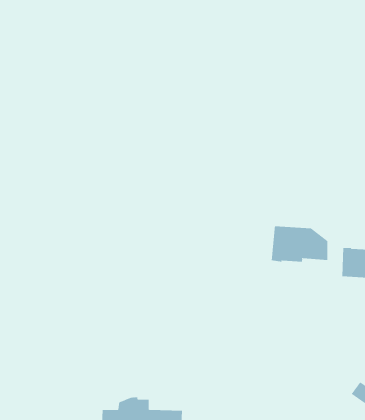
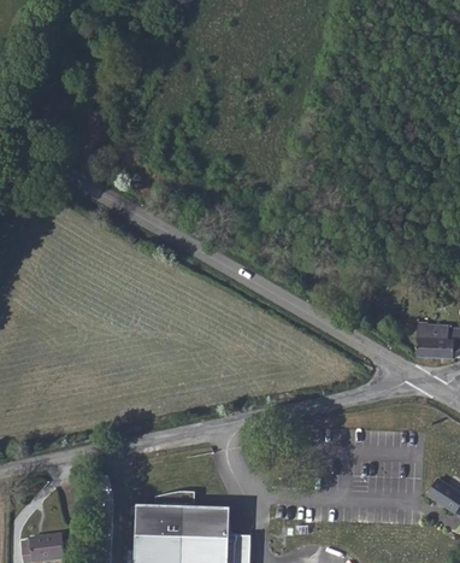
building: [271,225,328,263] -> none

